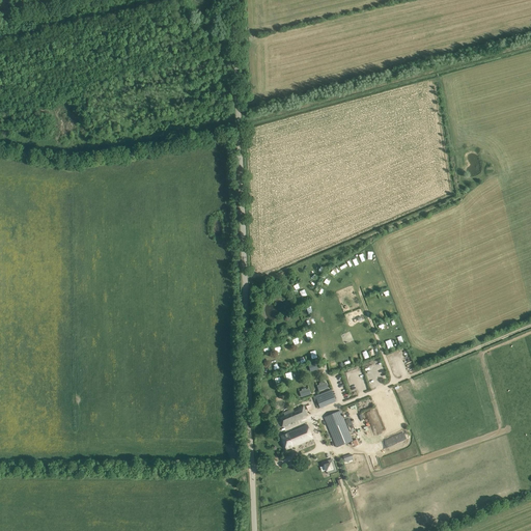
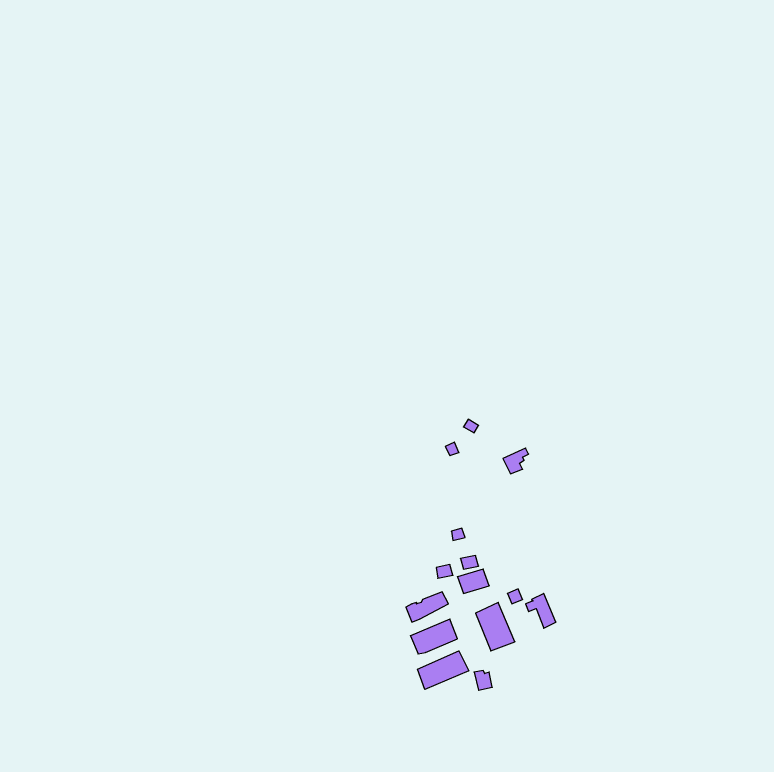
building: none -> [418,651,469,689]

